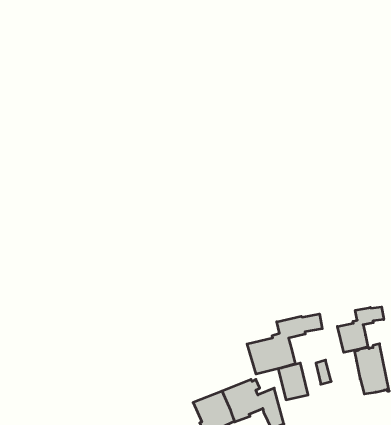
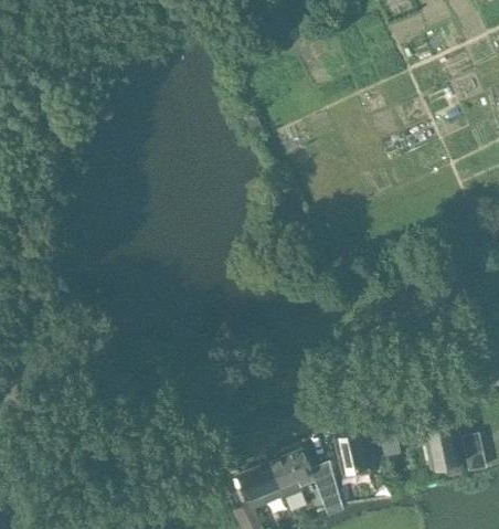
building: [337,307,384,352] -> none
building: [247,314,322,374] -> none

